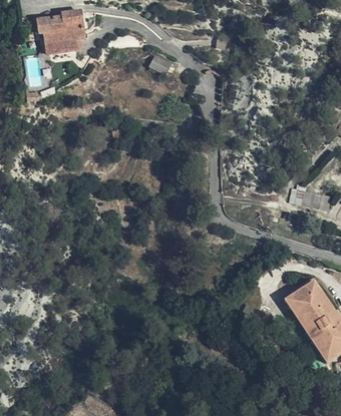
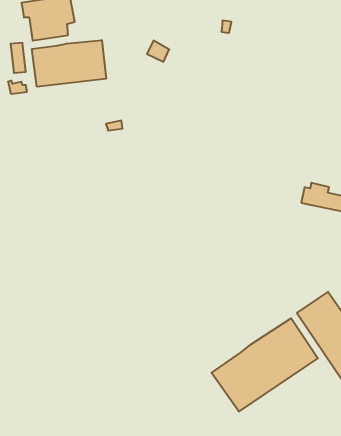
building: none -> [32,40,106,87]
building: none -> [212,318,318,412]

